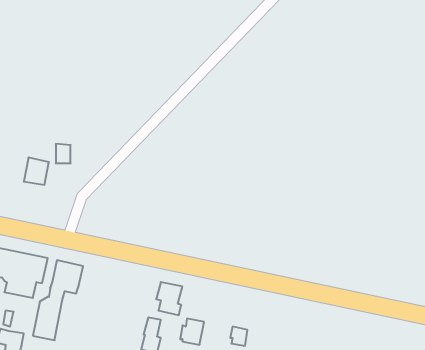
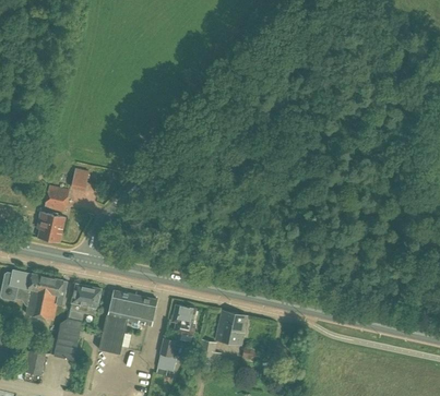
building: none -> [37,212,66,242]
building: none -> [99,290,157,353]
building: none -> [216,311,247,345]

